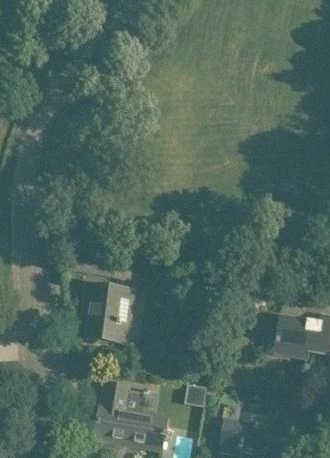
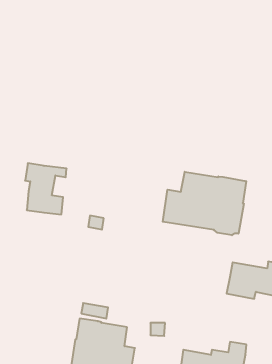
building: none -> [163,172,246,235]
building: [86,283,134,342] -> [25,163,67,214]

